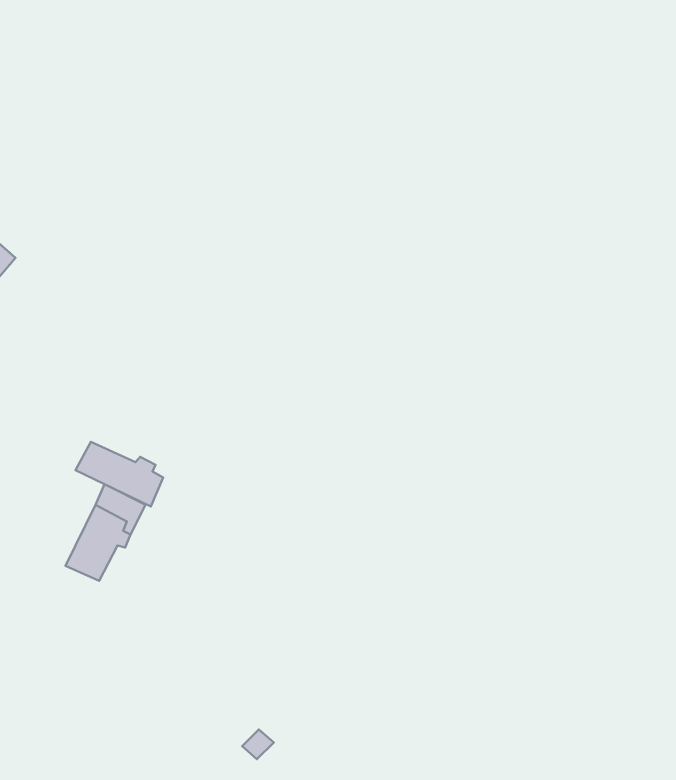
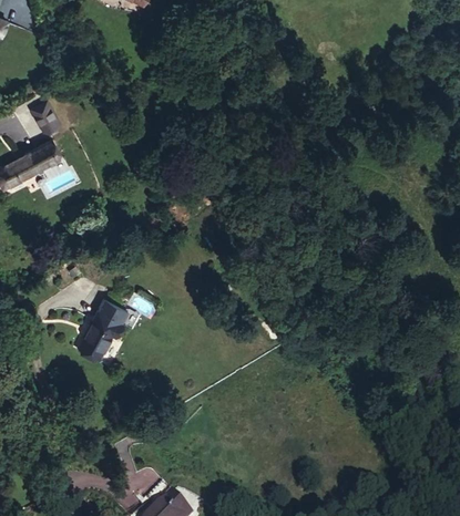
building: [76,442,163,507] -> none

